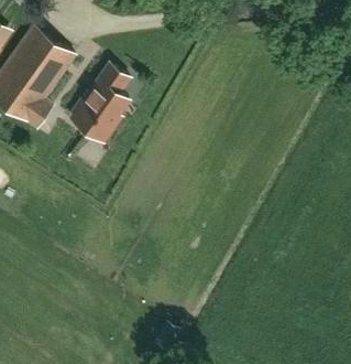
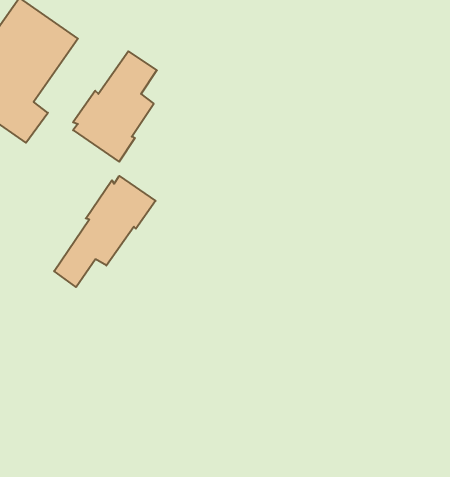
building: none -> [54,176,156,287]

